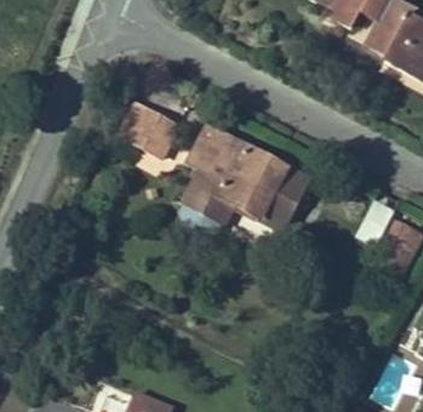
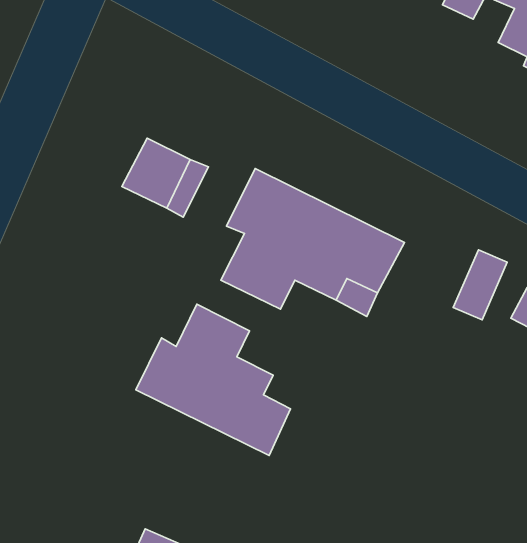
building: none -> [136,304,290,456]

